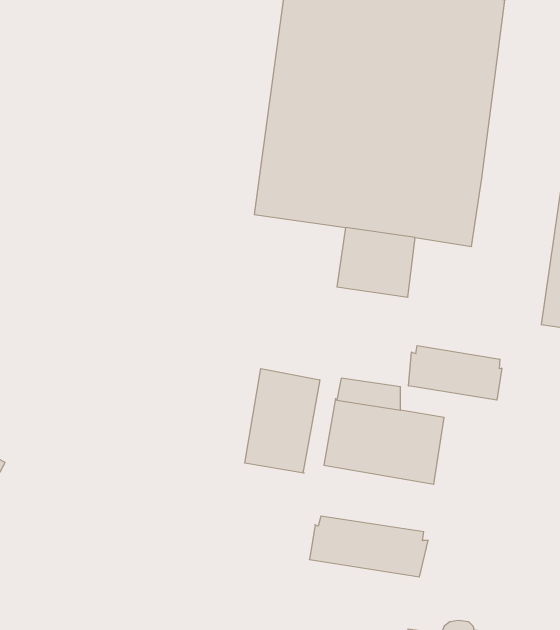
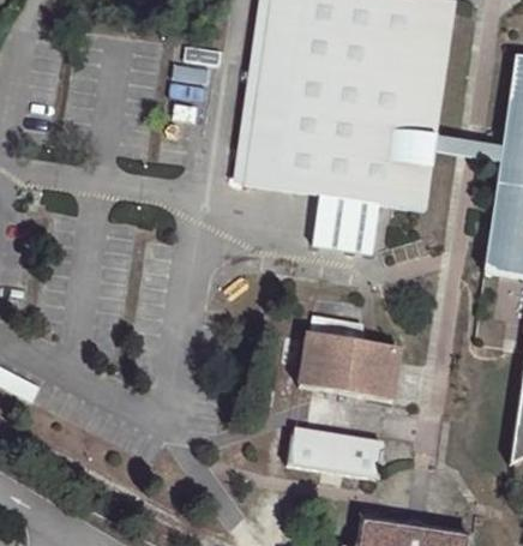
building: [408,346,502,400] -> none
building: [245,369,320,473] -> none

